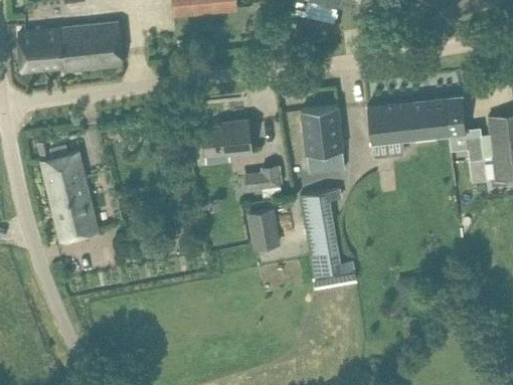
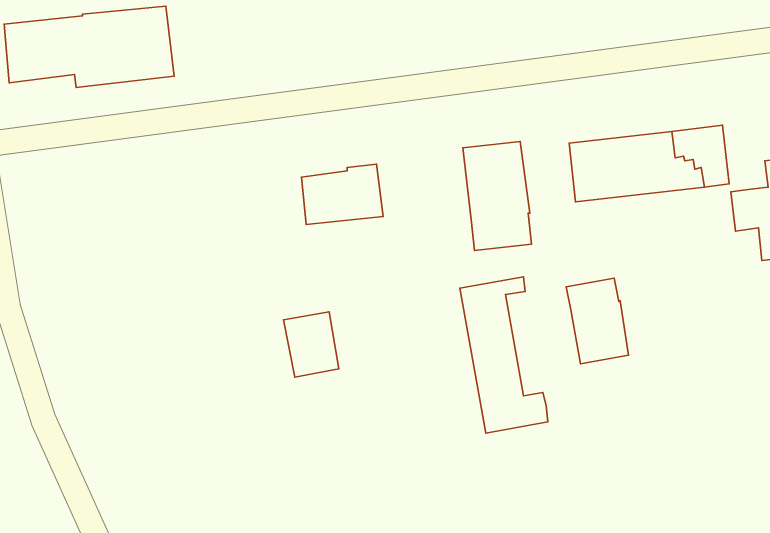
building: [41,152,99,241] -> none
building: [241,167,280,194] -> none
building: none -> [566,278,628,364]
building: [245,210,280,250] -> [283,312,339,377]

